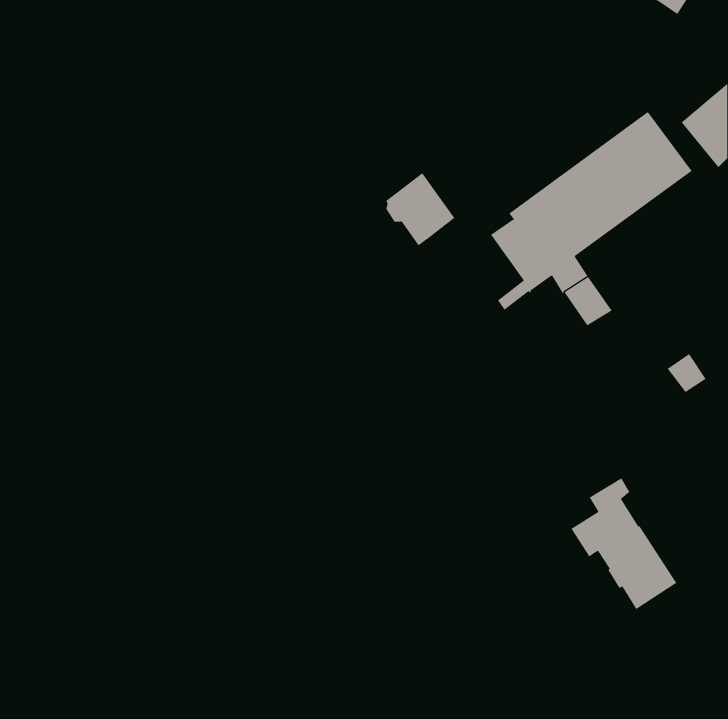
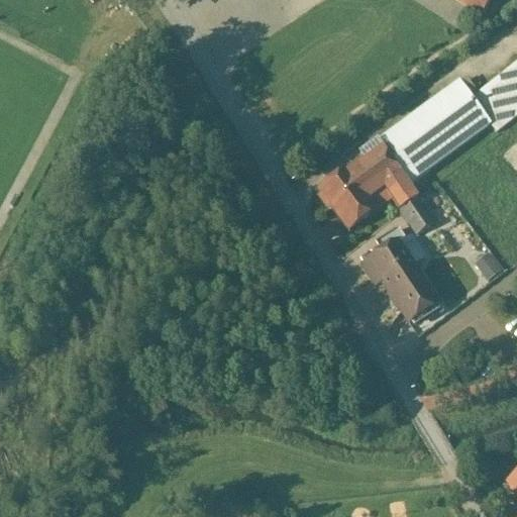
building: [385,172,455,246] -> [321,167,371,219]
building: [570,478,677,610] -> [363,226,438,320]

